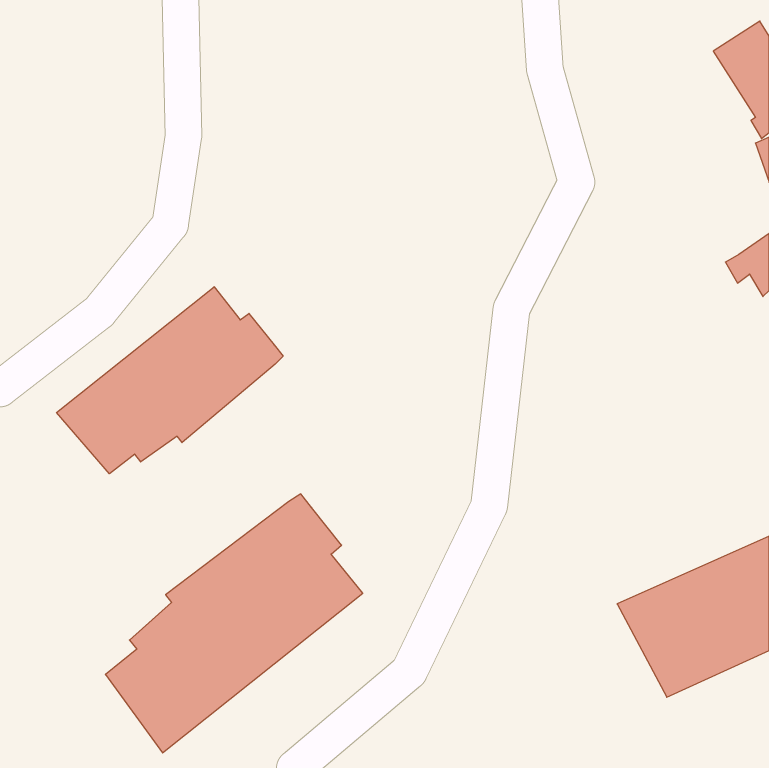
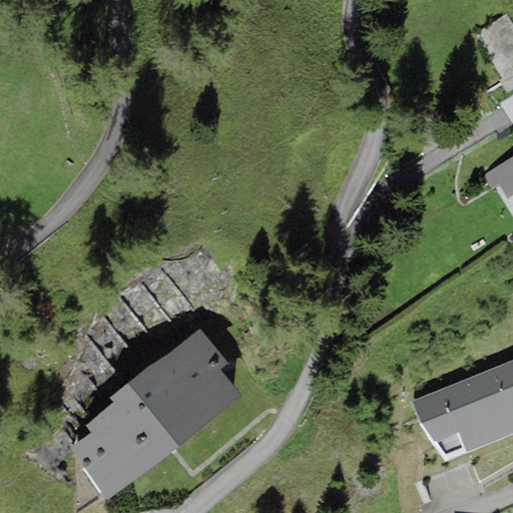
building: [57,287,283,474] -> none

